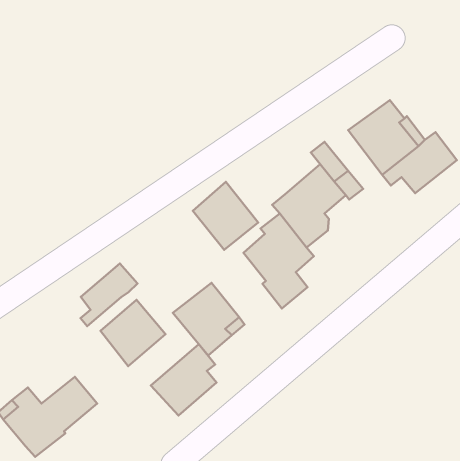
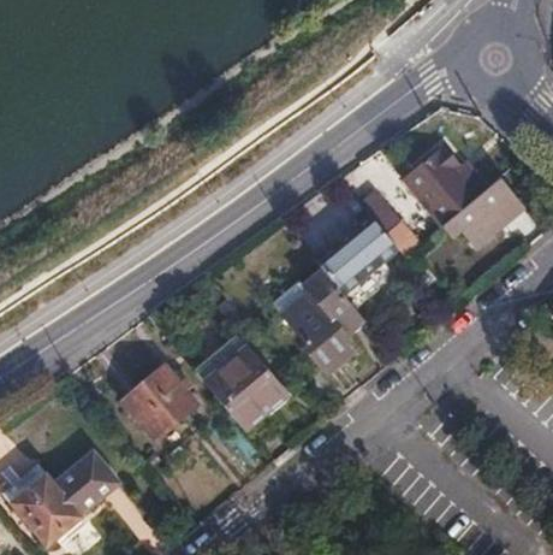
building: [193,182,258,250] -> none
building: [81,264,138,326] -> none
building: [151,344,217,415] -> none

